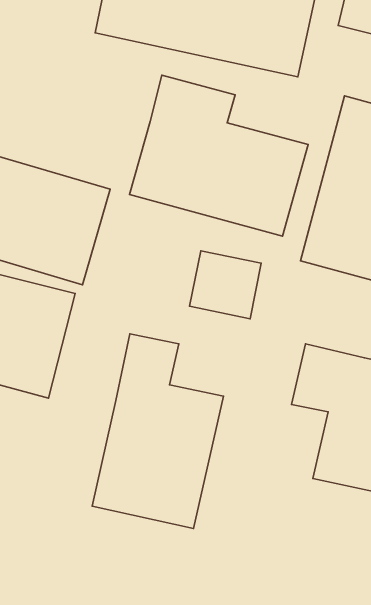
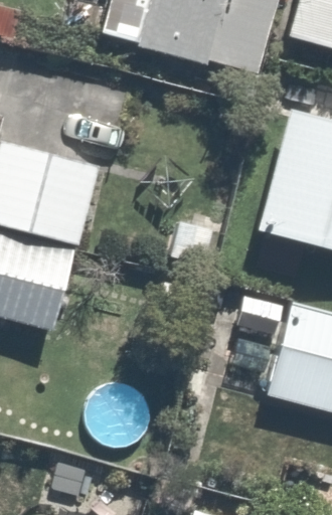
building: [129,75,308,236] -> none
building: [92,334,223,529] -> none

